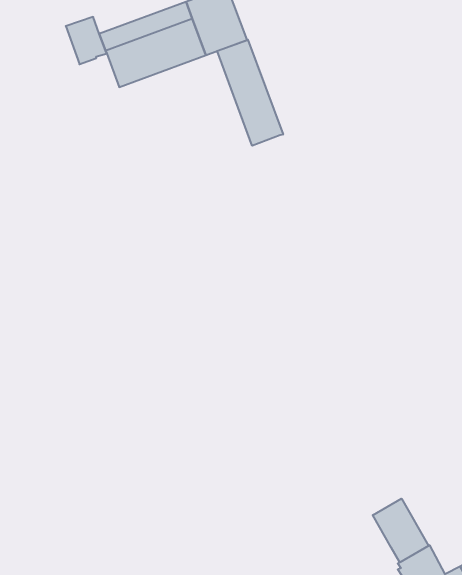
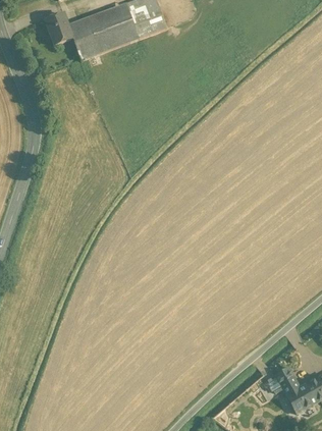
building: [217,40,283,146] -> none
building: [373,499,428,562] -> none

